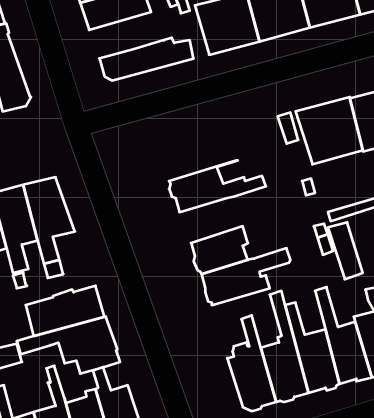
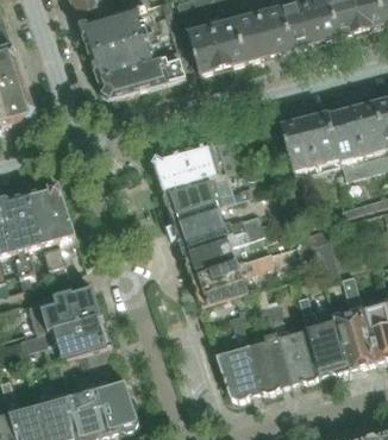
building: none -> [88,32,157,76]
building: none -> [154,142,224,189]
building: none -> [171,205,264,246]

